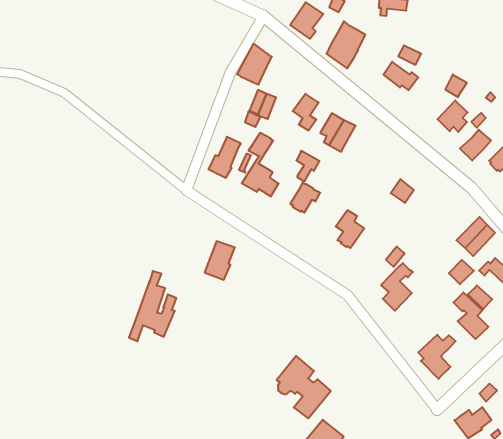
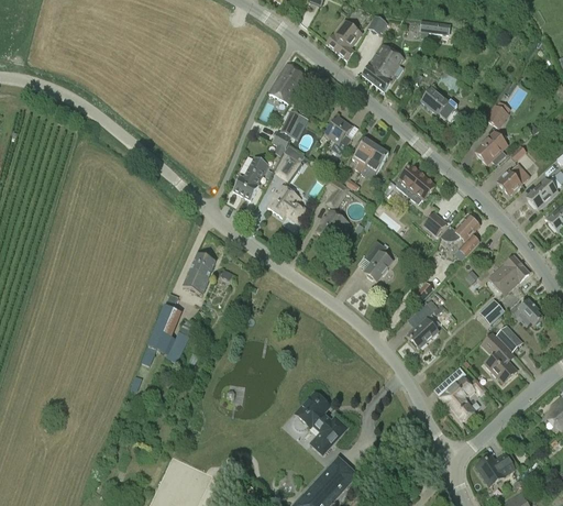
building: none -> [396,164,435,198]
building: none -> [441,215,479,255]
building: [205,241,235,280] -> [183,252,216,293]

